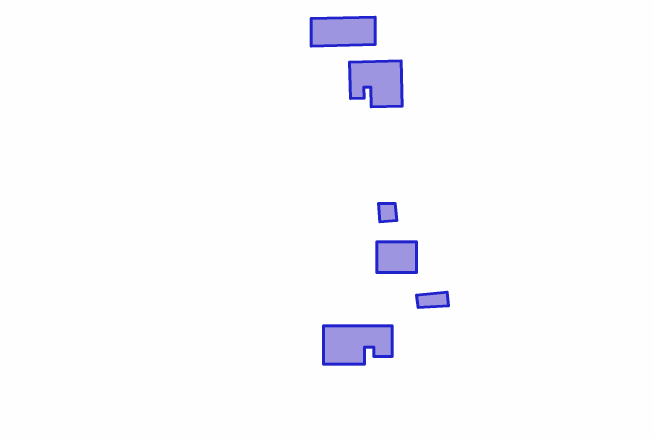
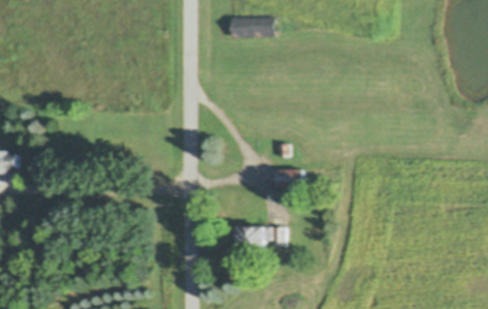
building: [349,61,402,107] -> none

